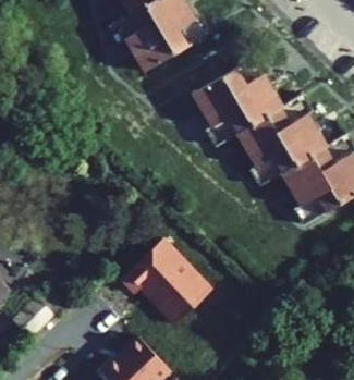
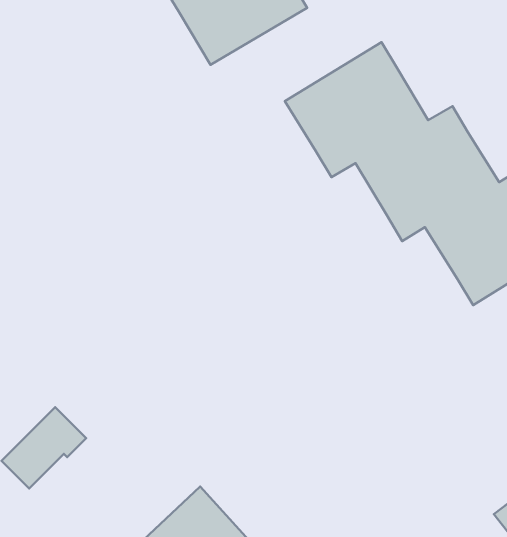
building: [123,242,211,324] -> none

